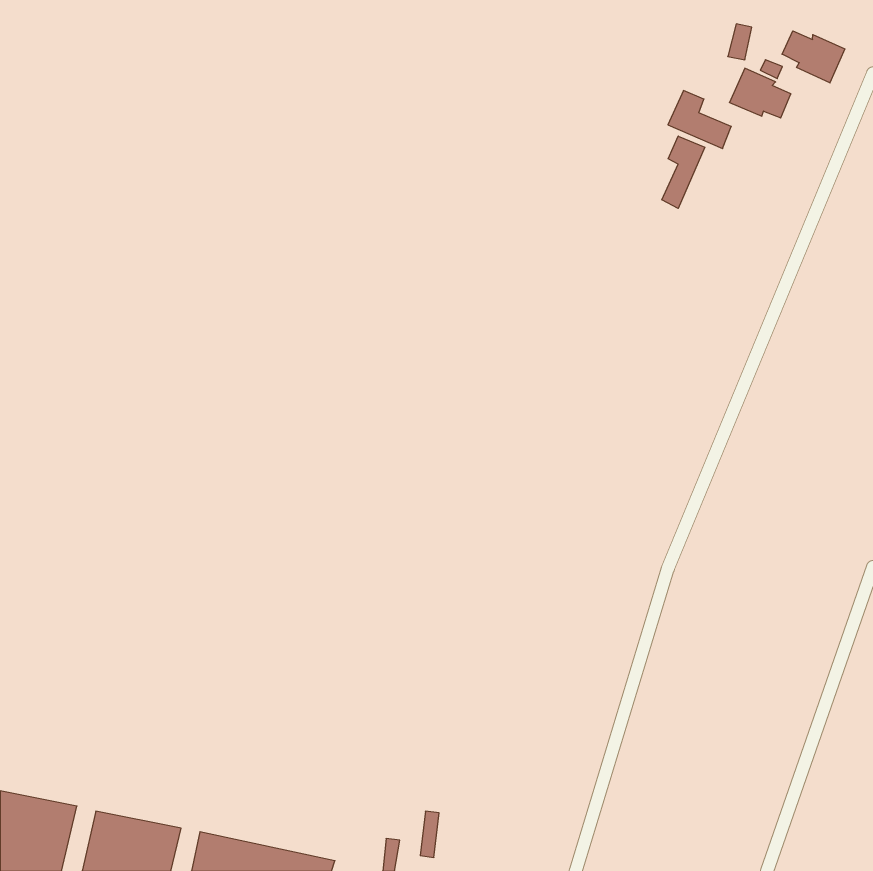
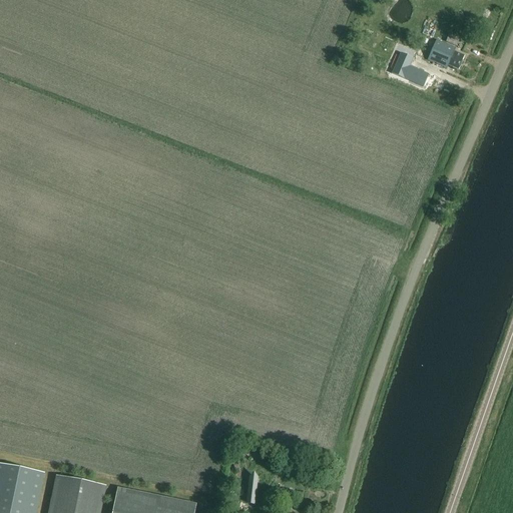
building: [782,31,845,83] -> none
building: [662,136,705,208] -> none

